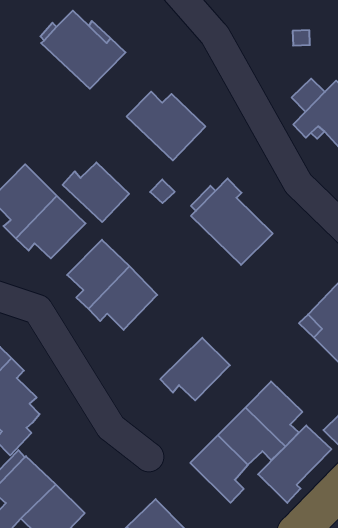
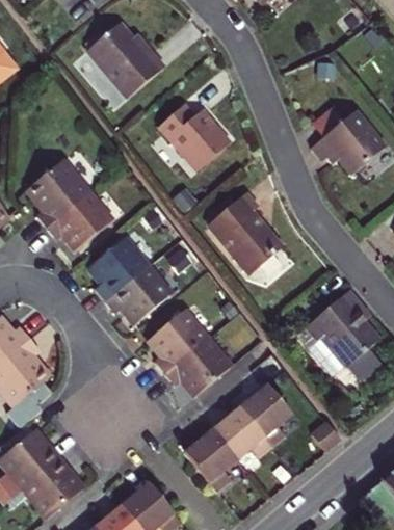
building: [63,162,129,222] -> none
building: none -> [150,309,208,371]
building: [258,425,331,503] -> none

